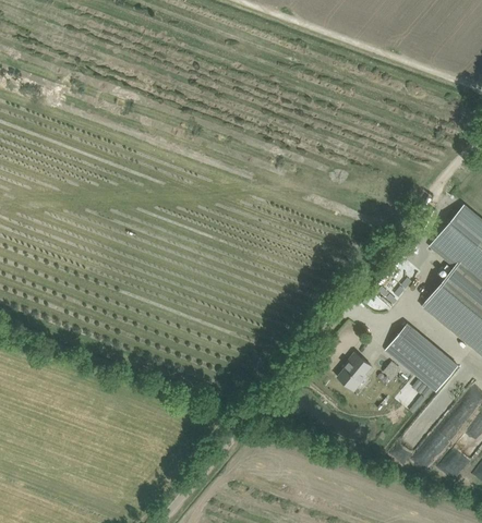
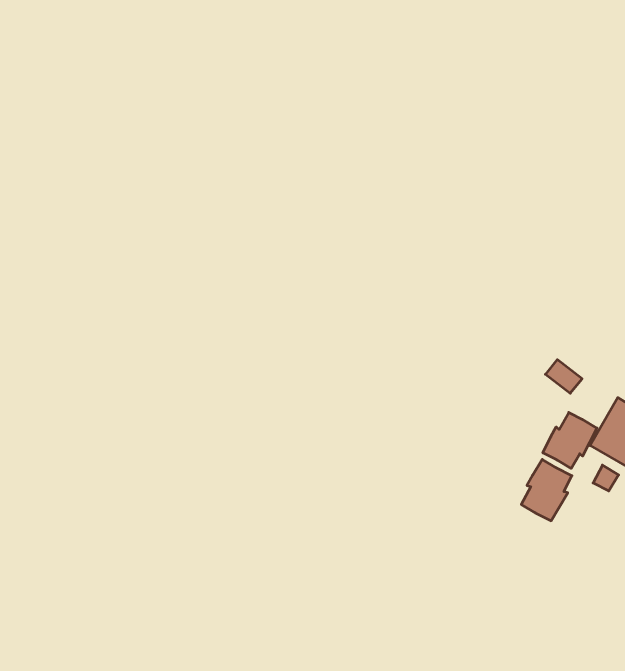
building: none -> [543,412,597,468]

